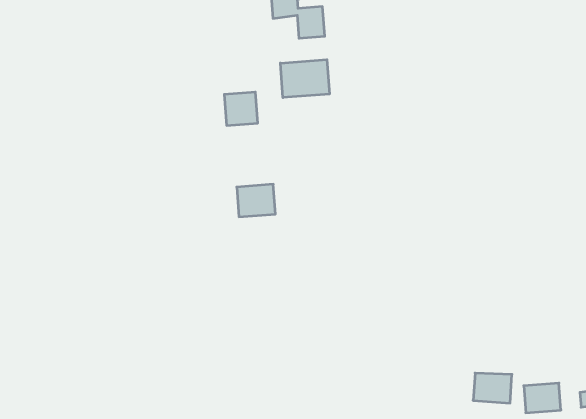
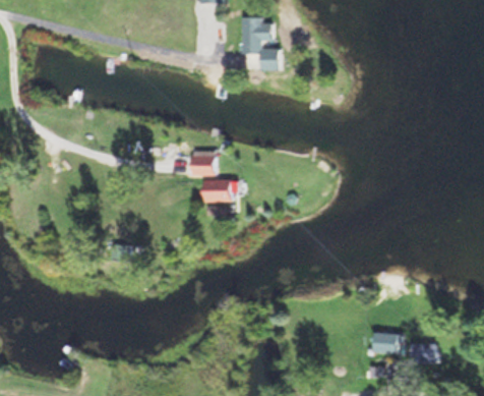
building: [280,60,329,98] -> none
building: [224,92,258,125] -> [192,152,216,175]

